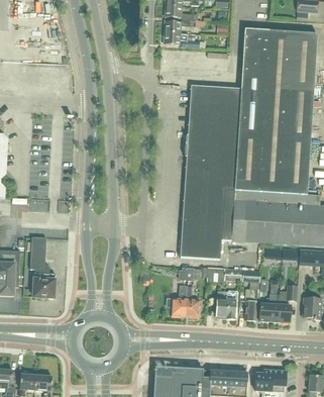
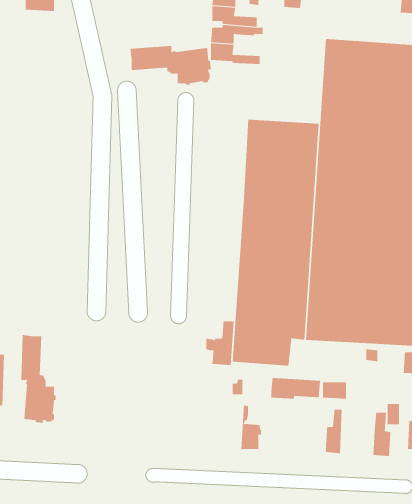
building: none -> [130,45,212,85]
building: [258,283,279,321] -> none
building: [167,286,187,317] -> [206,321,234,365]
building: [216,289,238,319] -> none

